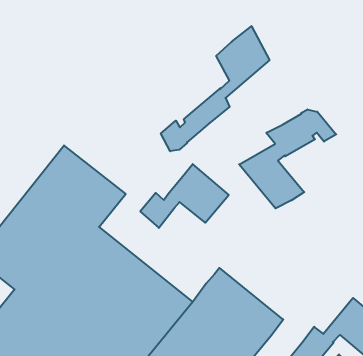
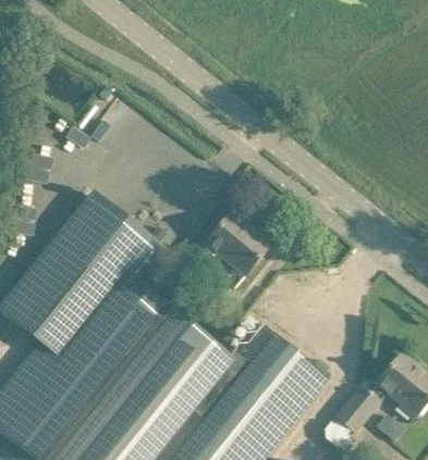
building: [161,26,269,151] -> none
building: [239,109,336,208] -> none

